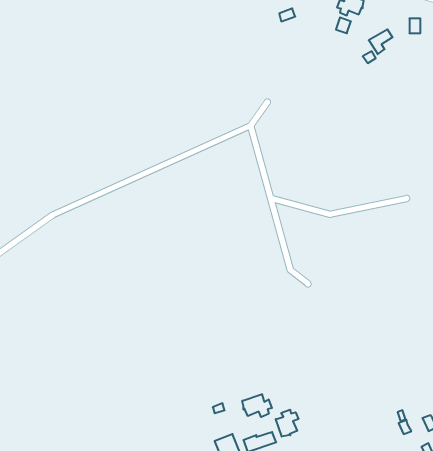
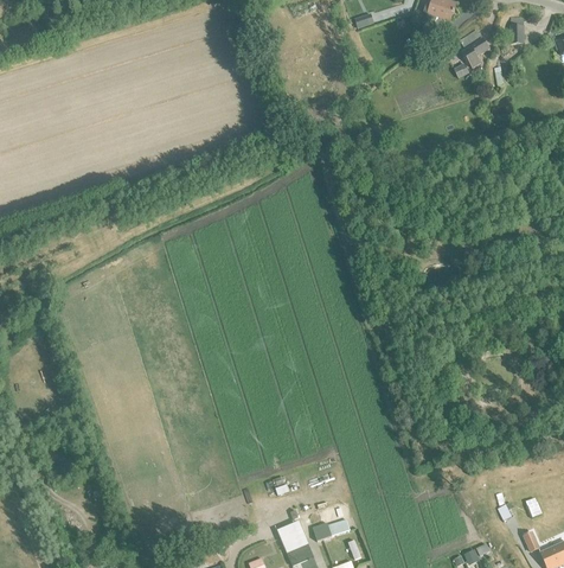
building: [242,394,272,417] -> none
building: [276,410,298,437] -> none

